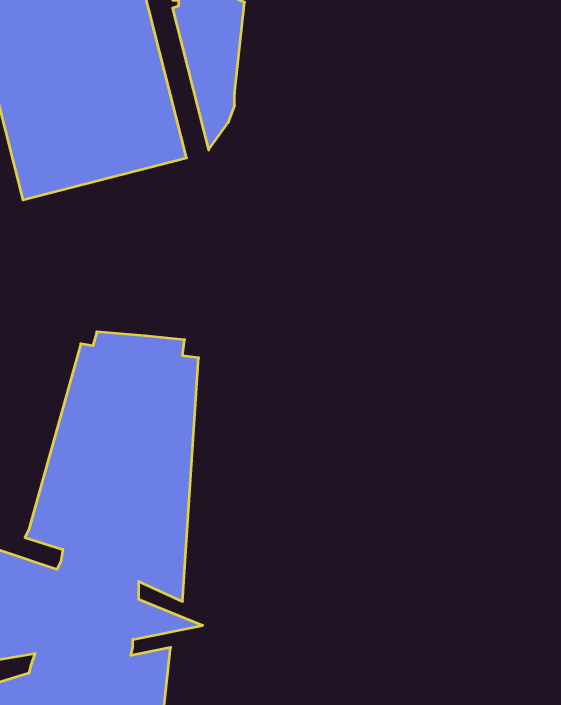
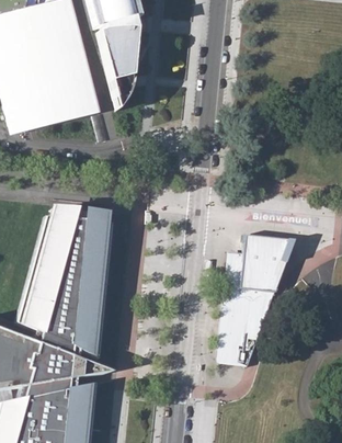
building: none -> [218,231,293,362]

